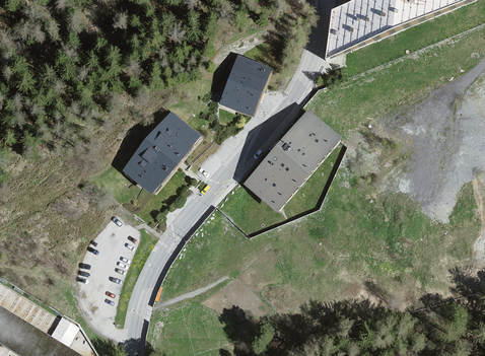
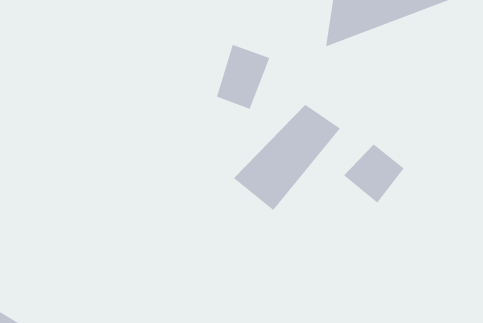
building: [124,112,207,195] -> none
building: none -> [343,143,404,203]

